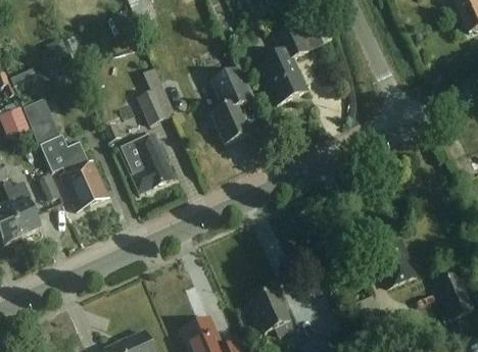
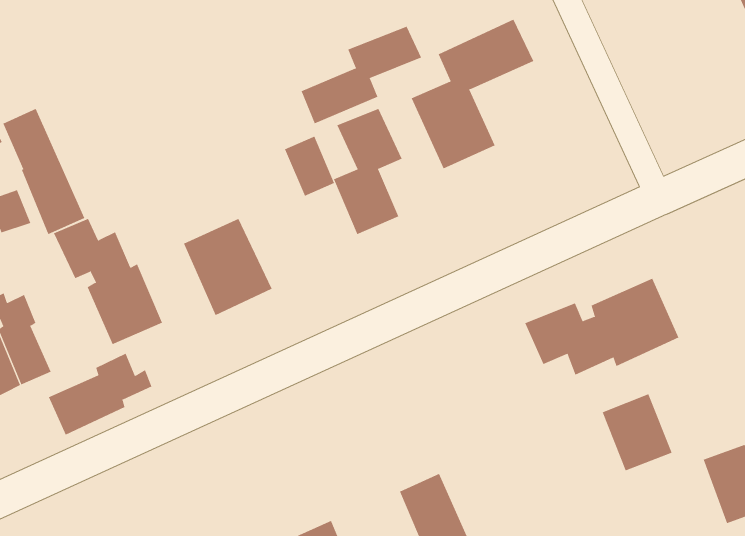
building: none -> [301,26,422,124]
building: [137,87,168,123] -> [284,136,335,197]
building: none -> [524,278,679,376]
building: none -> [48,353,152,435]

